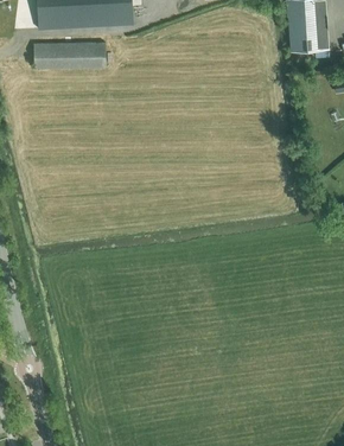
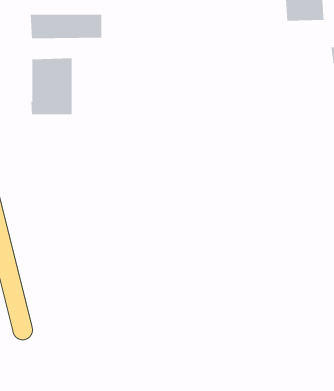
building: none -> [31,57,72,115]

